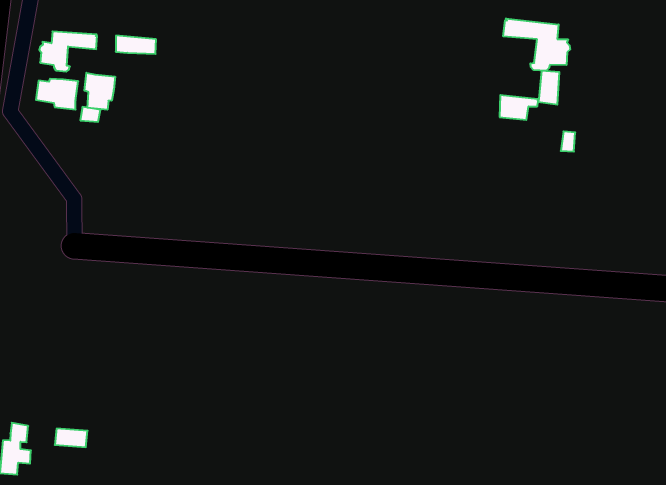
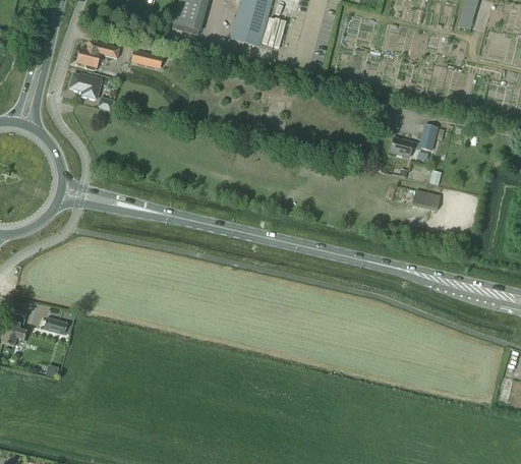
building: [503,18,570,71] -> none
building: [84,73,115,110] -> none
building: none -> [413,190,441,211]

